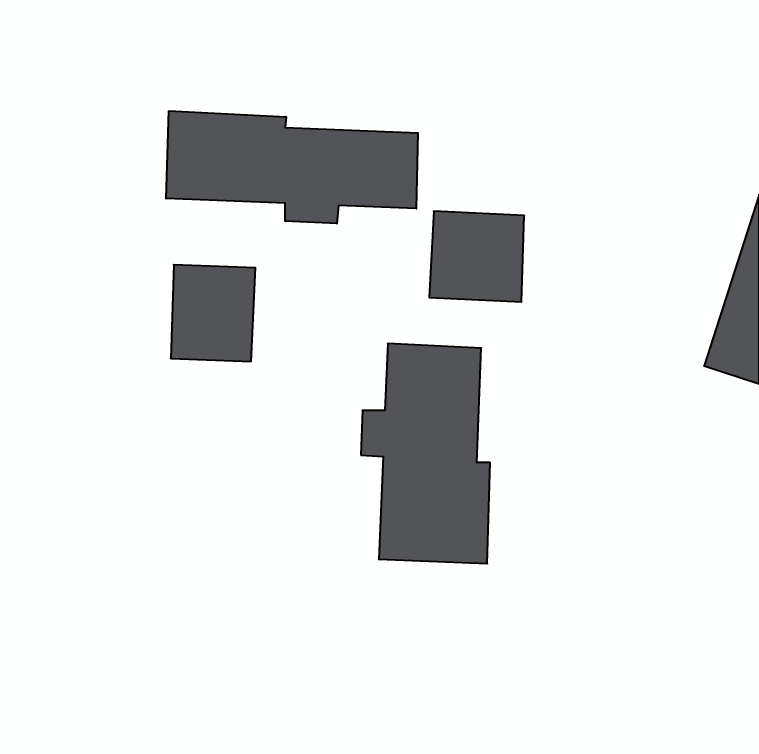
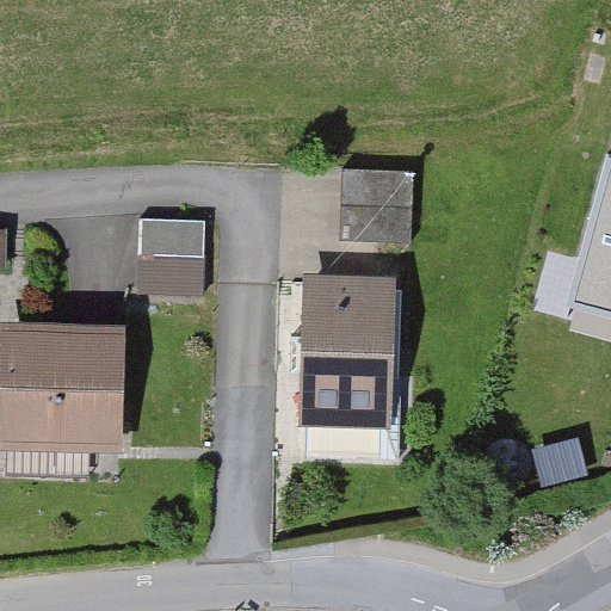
building: [166,111,418,224] -> none
building: none -> [5,326,118,470]

